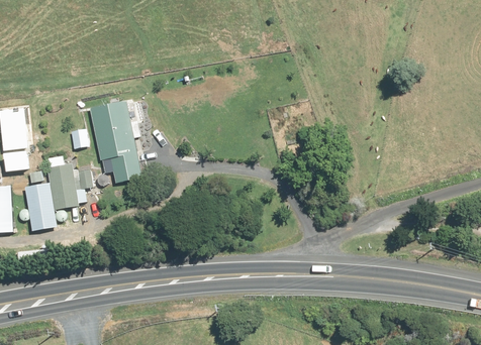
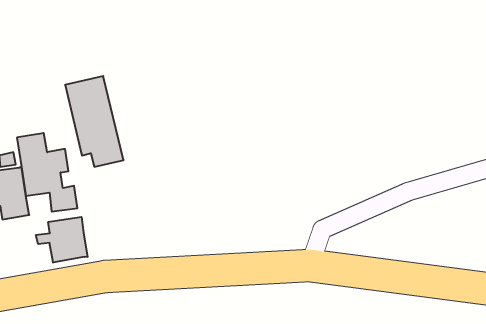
building: none -> [36,217,88,263]

